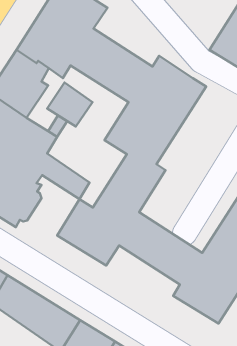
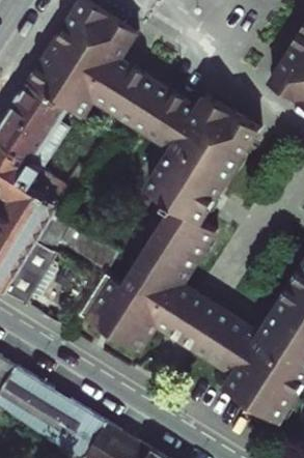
building: [47,83,93,127] -> none

